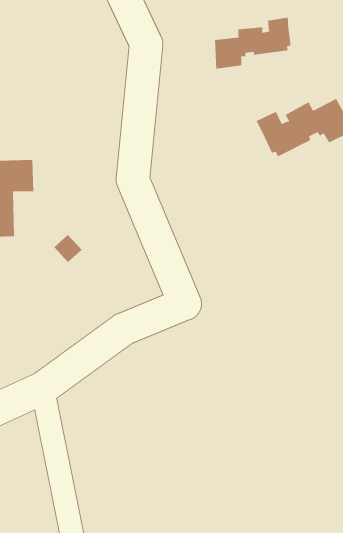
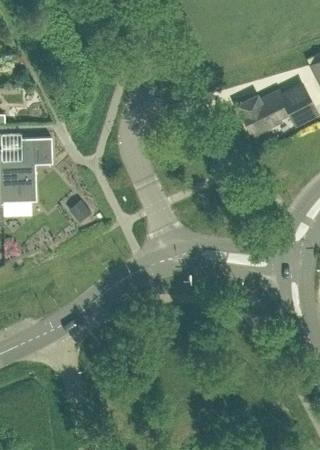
building: [215,17,291,70] -> none

